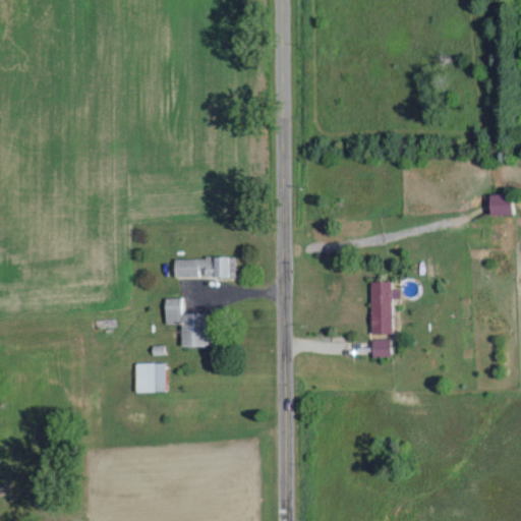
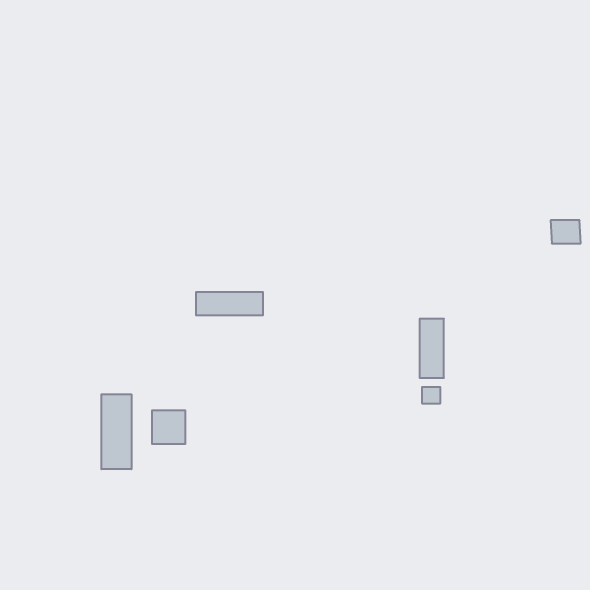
building: [164,298,213,347] -> none
building: none -> [101,394,131,469]

